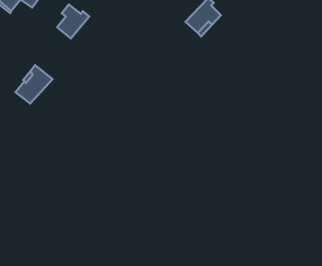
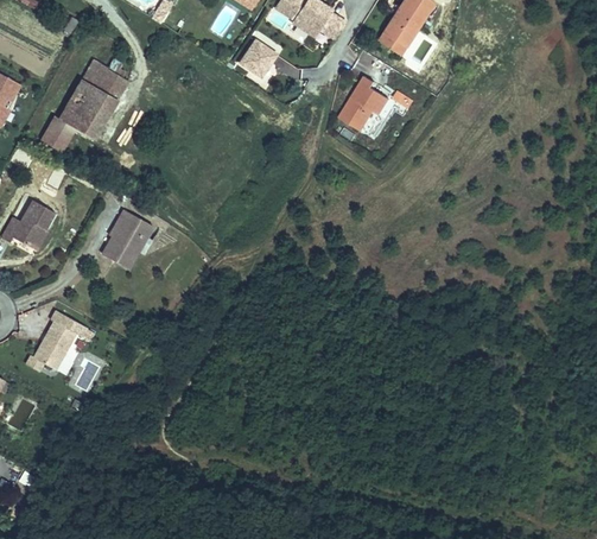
building: [57,4,89,39] -> none

